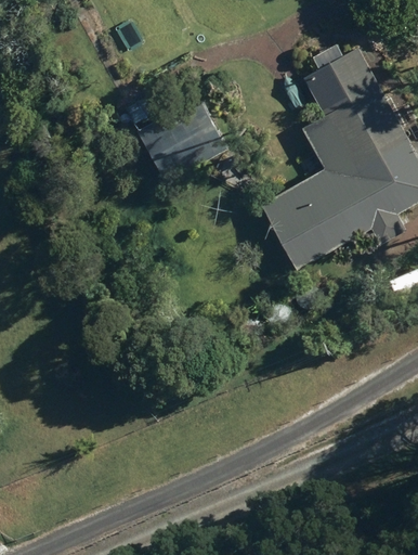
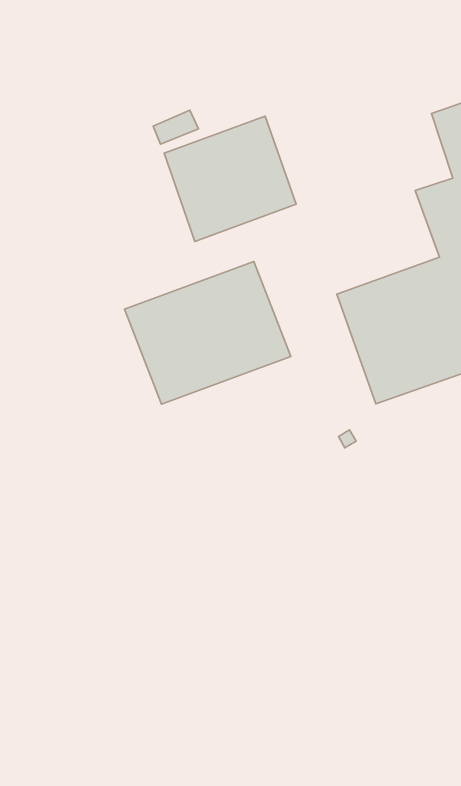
building: none -> [124,261,291,404]

